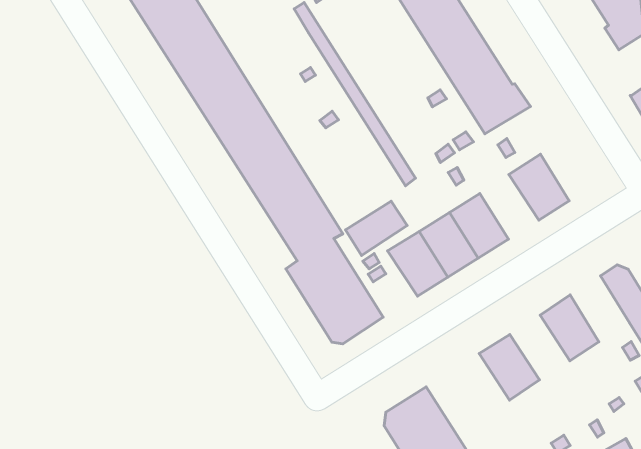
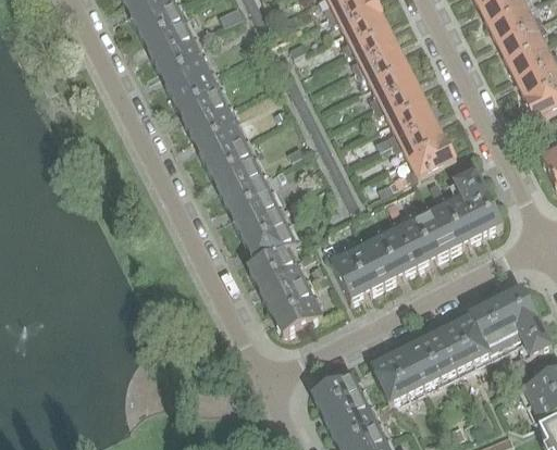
building: none -> [456,168,499,233]
building: none -> [409,207,455,259]
building: [345,201,407,255] -> none
building: none -> [474,296,520,349]
building: none -> [422,323,469,375]
building: none -> [370,349,417,401]

